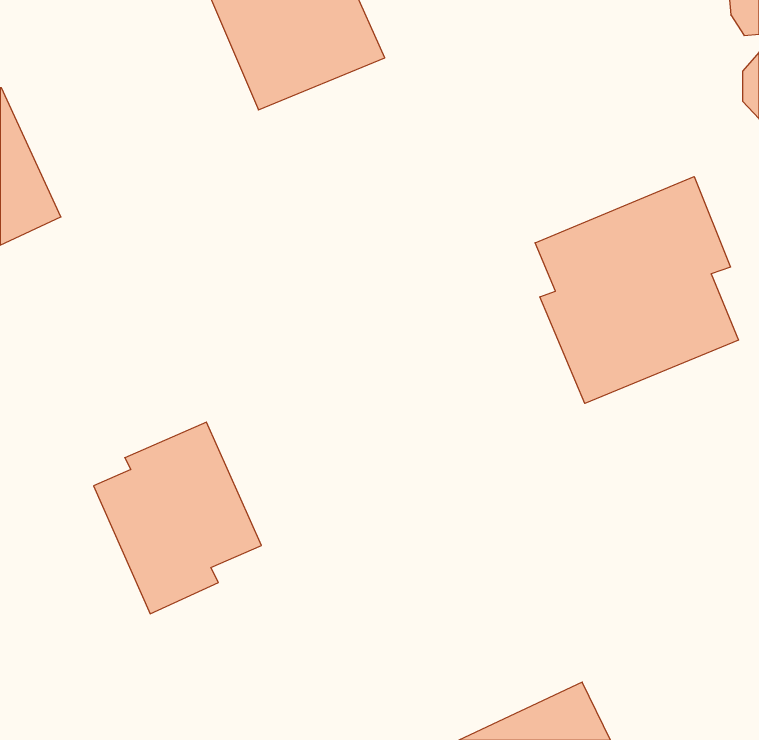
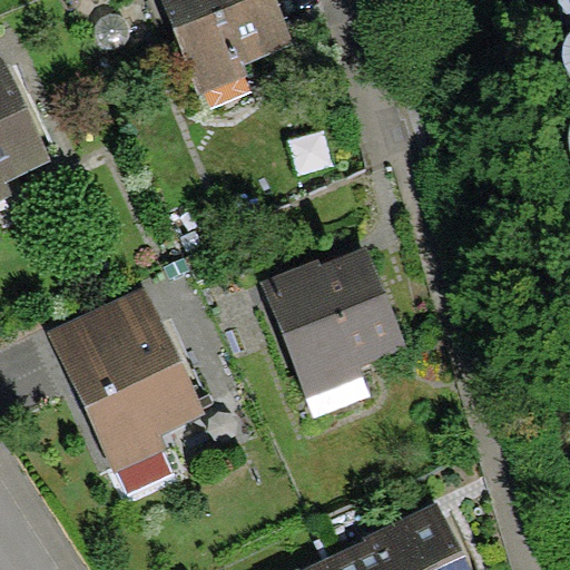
building: [535,177,739,403] -> none
building: none -> [272,253,409,387]

